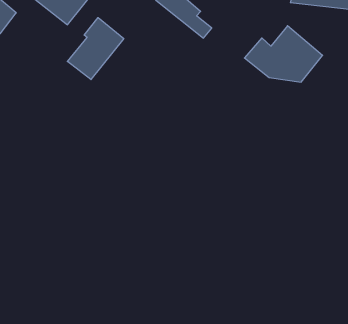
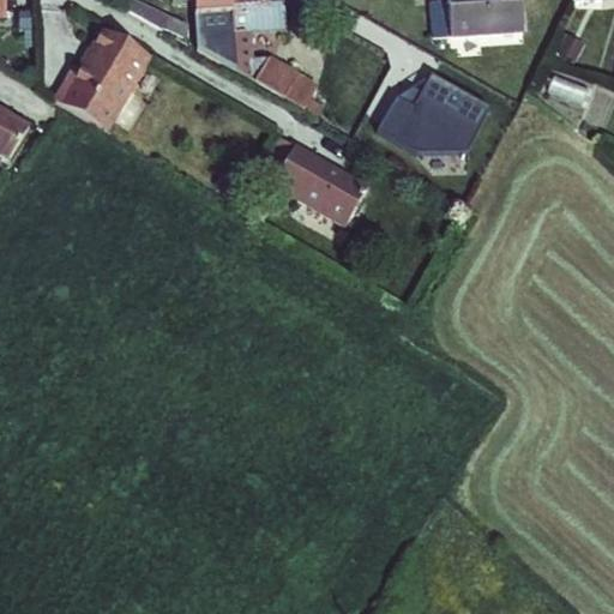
building: [67,18,124,80] -> none
building: none -> [271,144,366,225]

